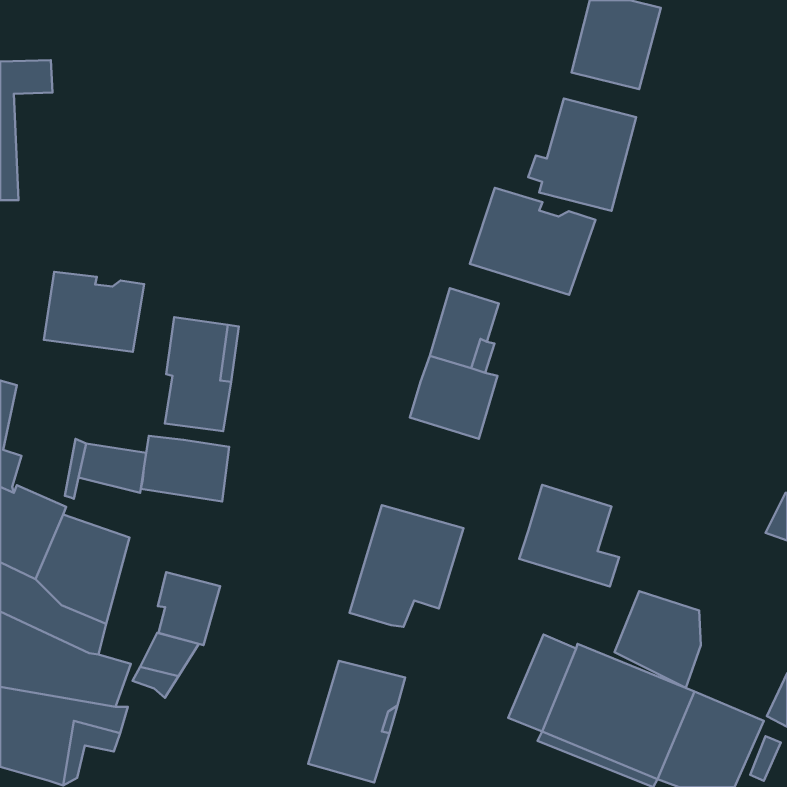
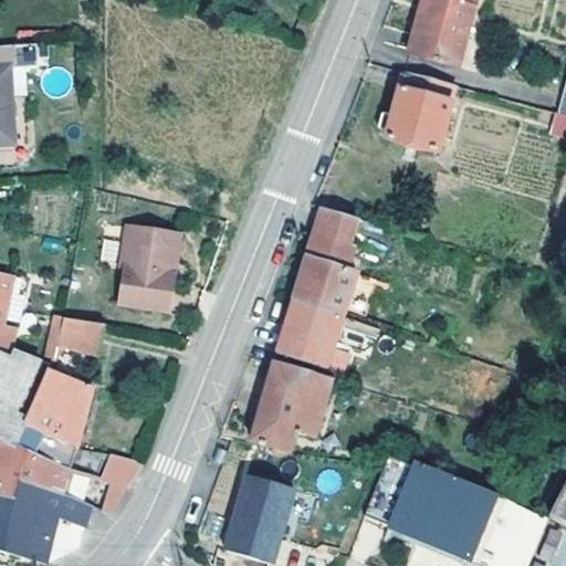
building: [470,188,595,295] -> none
building: [44,272,144,352] -> none
building: [141,436,229,501] -> none
building: [519,485,619,587] -> [277,300,349,373]
building: [158,572,220,645] -> none
building: [614,591,701,688] -> none

